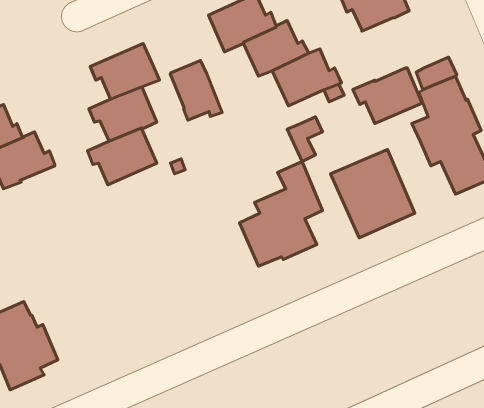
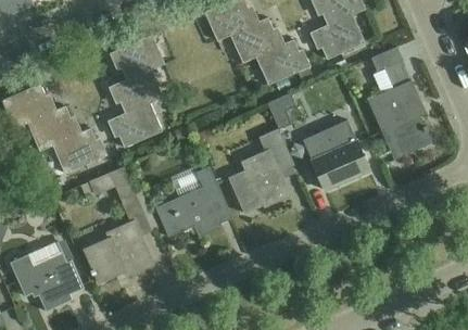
building: [170,60,222,120] -> none
building: [353,68,422,123] -> [309,15,365,60]
building: none -> [53,128,106,174]
building: none -> [83,167,153,282]
building: none -> [156,168,231,237]

